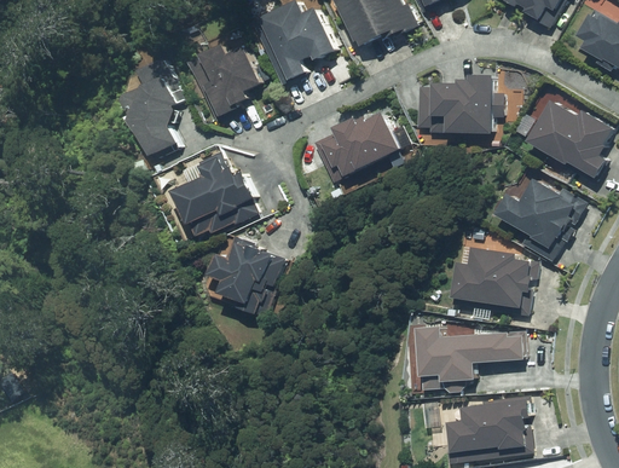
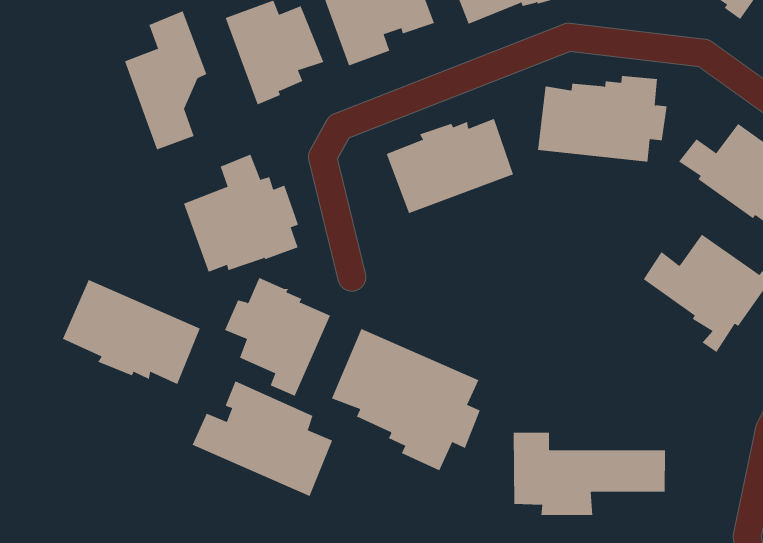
building: [449,248,534,316] -> none
building: none -> [62,279,201,385]
building: none -> [331,328,481,471]
building: none -> [192,381,333,497]

